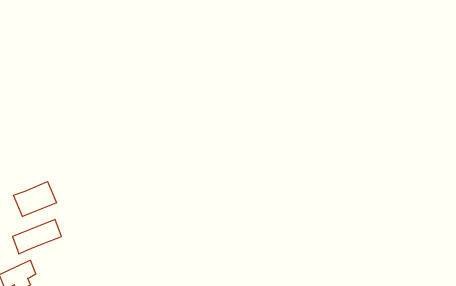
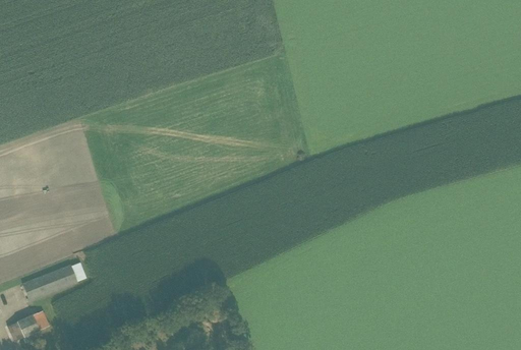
building: [13,182,56,217] -> none

